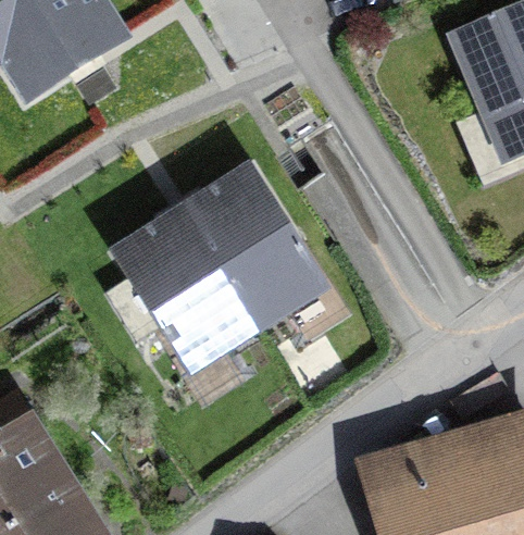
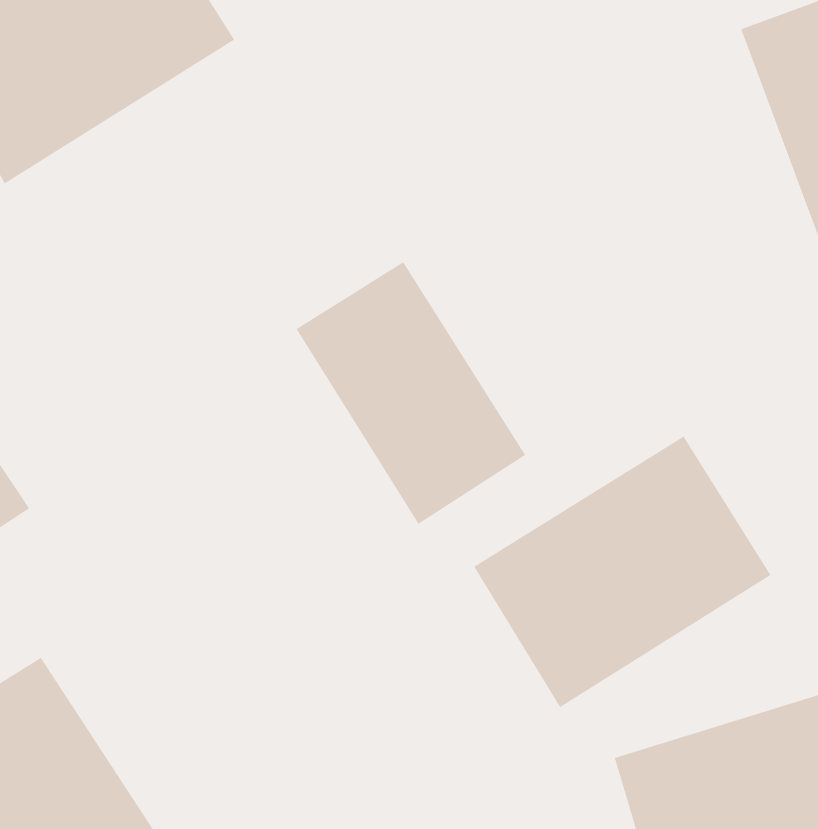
building: [115,210,252,366] -> none
building: none -> [473,435,771,708]

